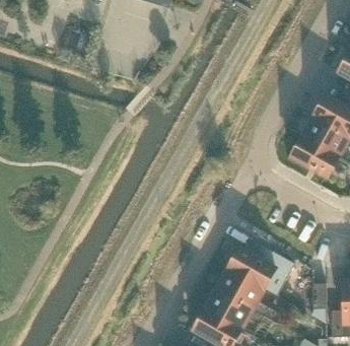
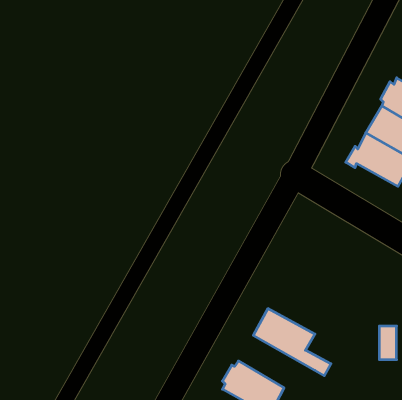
building: [228,243,275,287] -> none
building: [206,288,264,328] -> none

